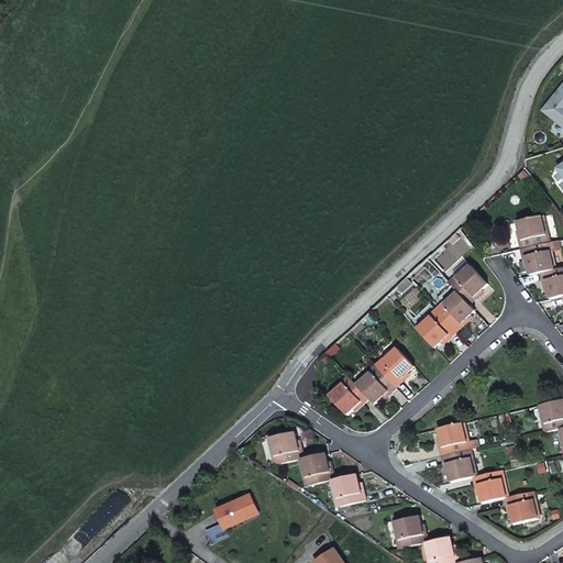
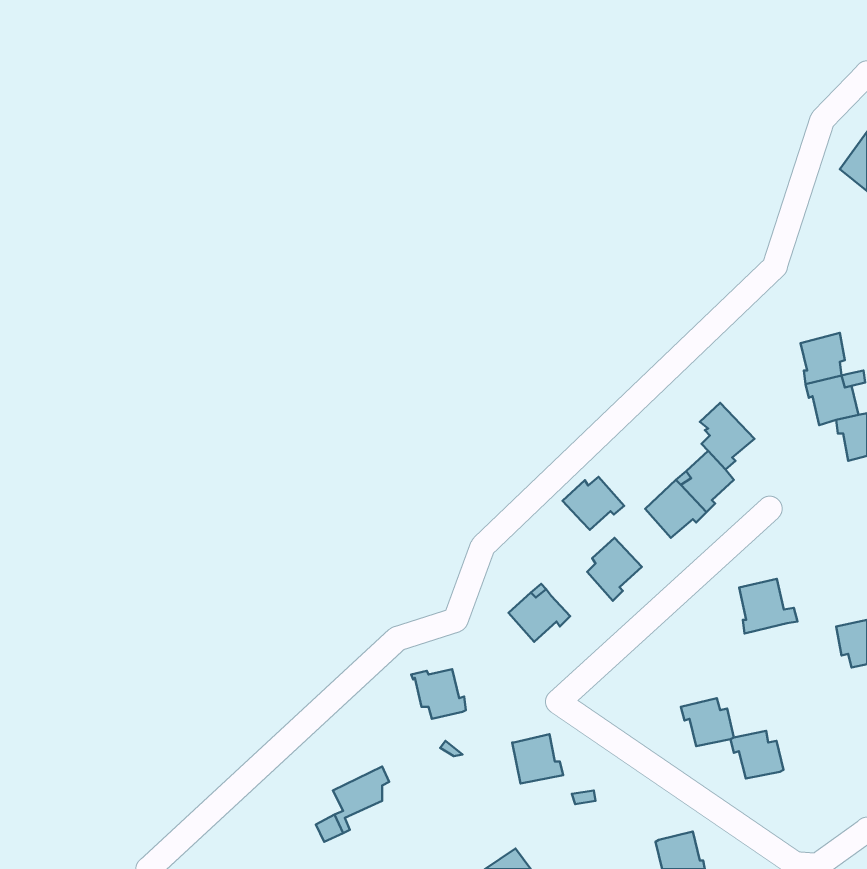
building: [355,368,395,402] -> [563,477,624,530]
building: [435,420,473,455] -> [739,579,797,633]
building: [298,453,331,484] -> none
building: [503,492,536,522] -> none
building: [393,516,424,548] -> none

